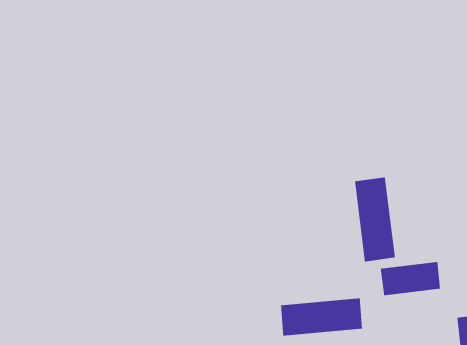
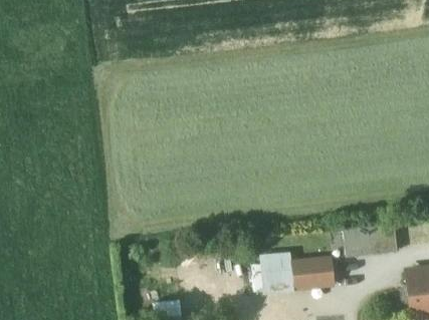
building: [354,177,396,262] -> none

